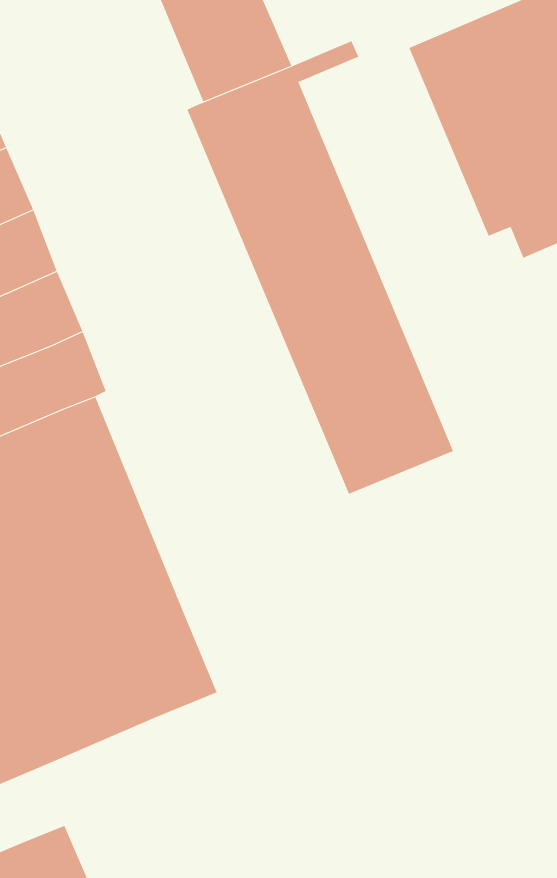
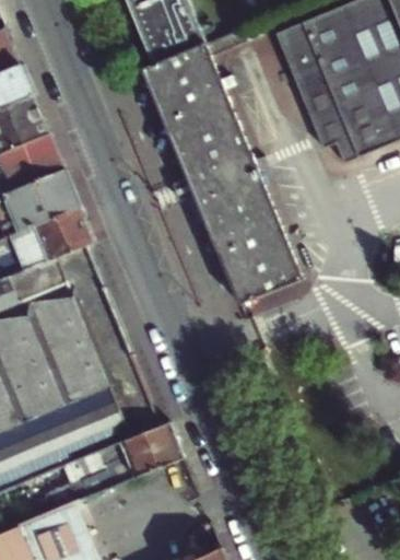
building: none -> [35,421,181,514]

